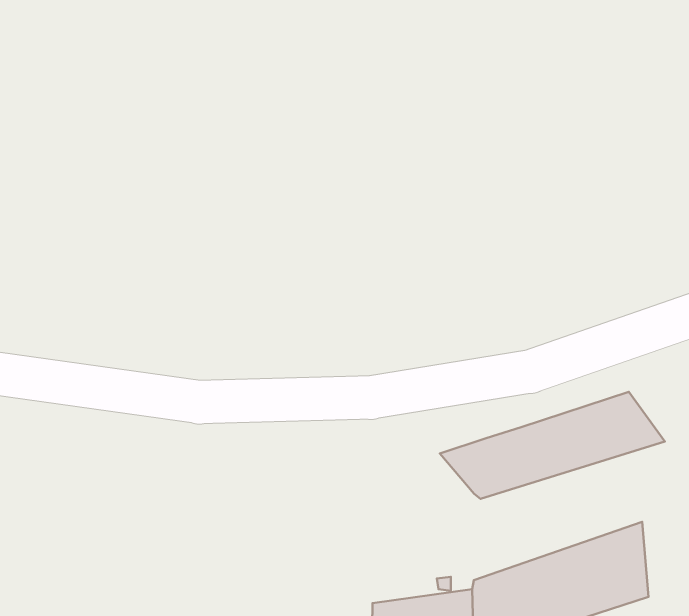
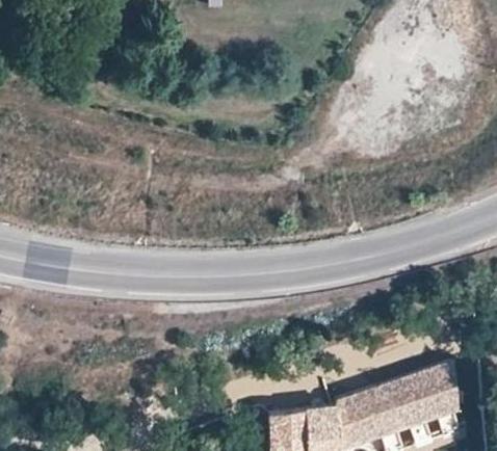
building: [440,392,665,499] -> none

